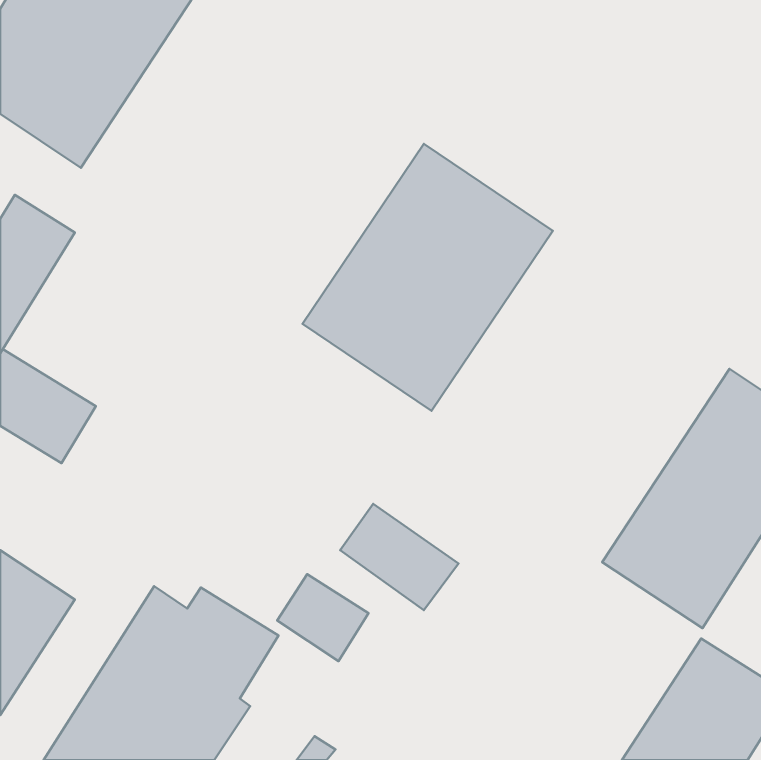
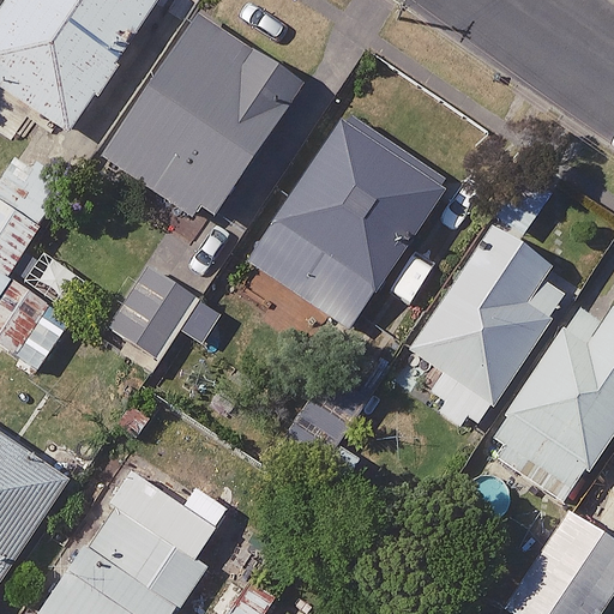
building: none -> [101,17,300,228]
building: none -> [409,233,571,431]
building: none -> [102,265,200,372]

